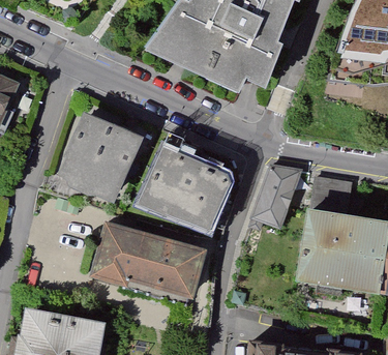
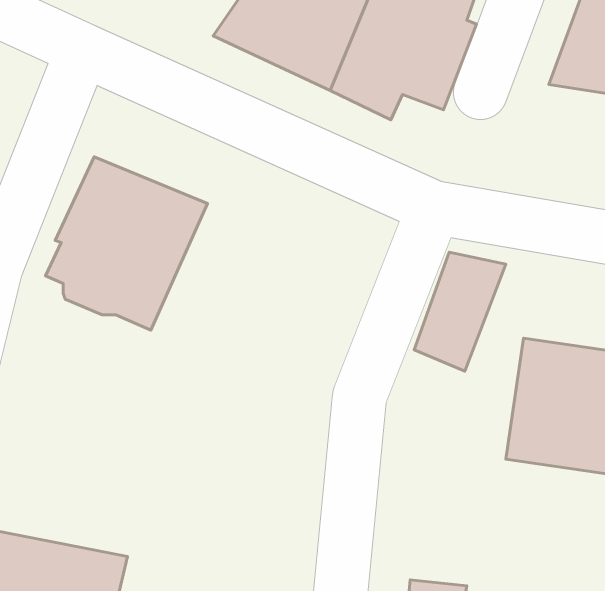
building: [137,148,233,234] -> none
building: [93,223,203,292] -> none

